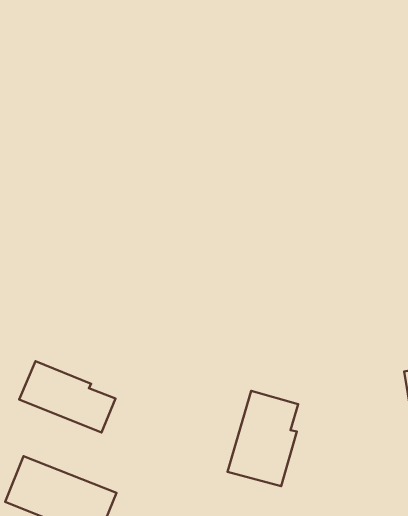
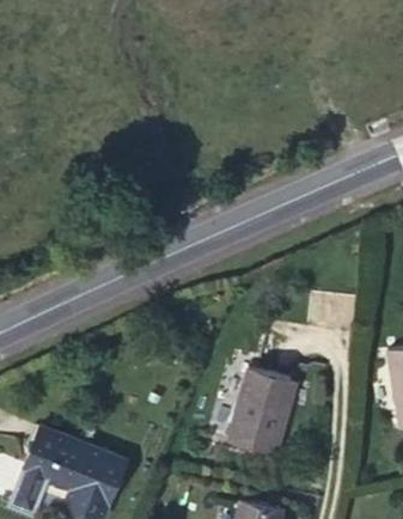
building: [19,361,116,432] -> none

